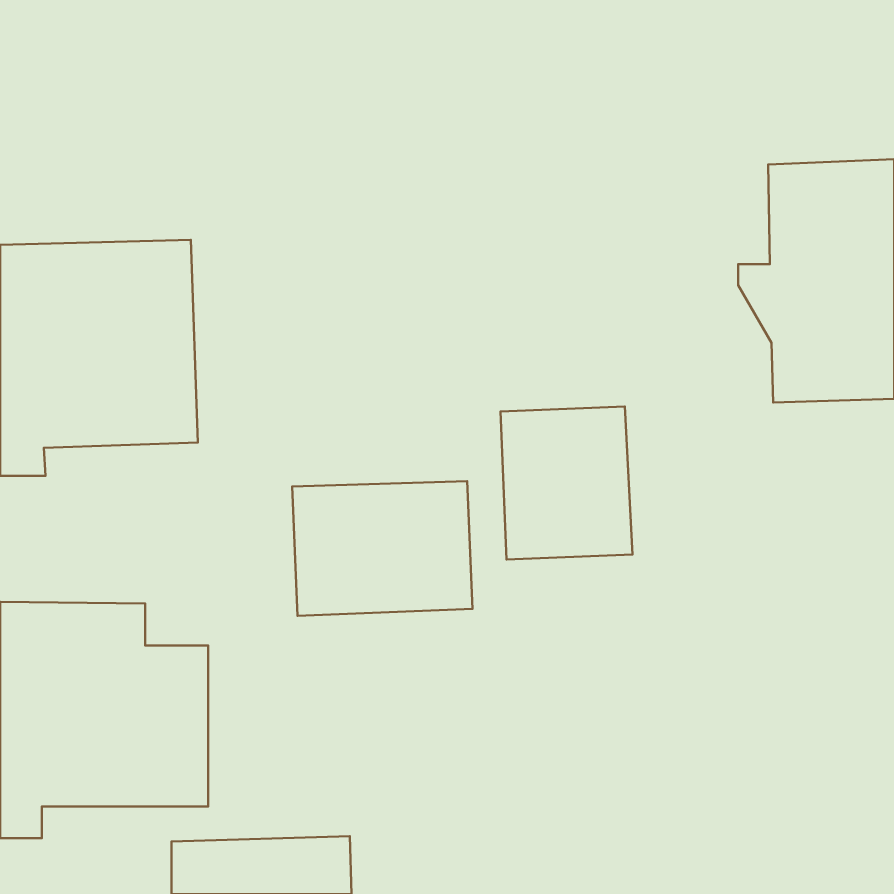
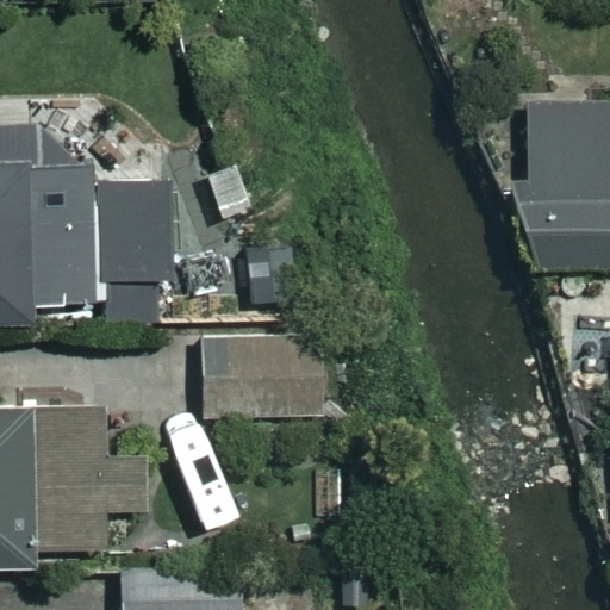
building: [501,407,633,559] -> none

